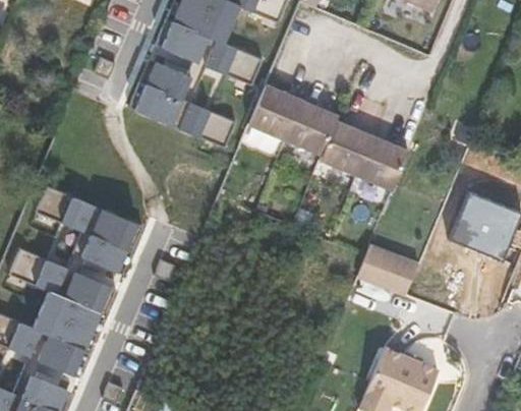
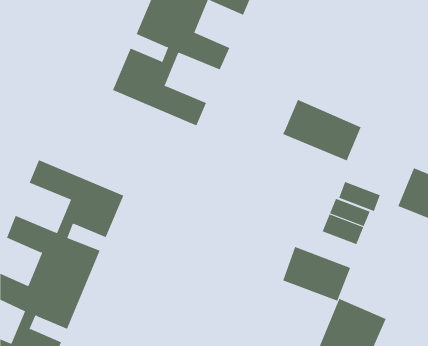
building: [249,83,339,154] -> none
building: none -> [339,181,381,212]
building: none -> [282,246,351,302]

